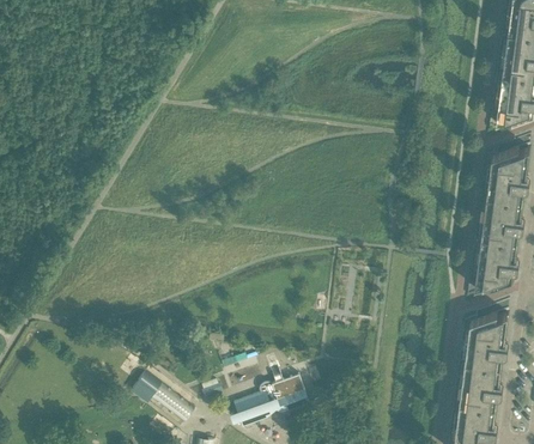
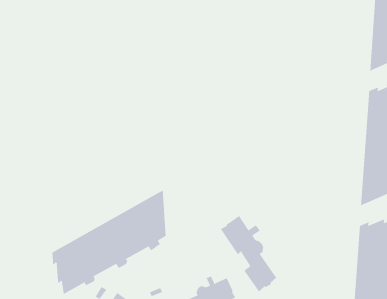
building: none -> [52,190,166,295]
building: none -> [220,215,277,292]

